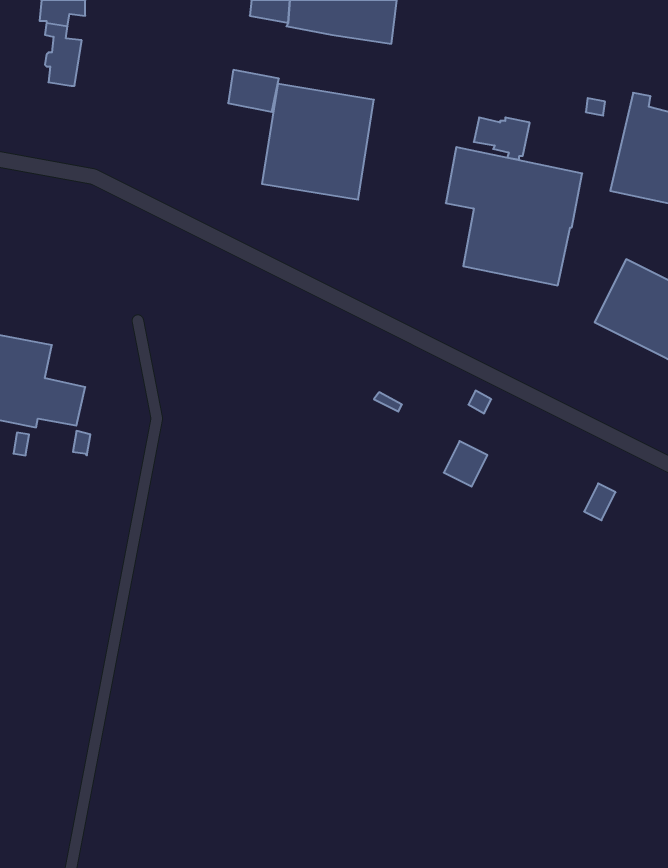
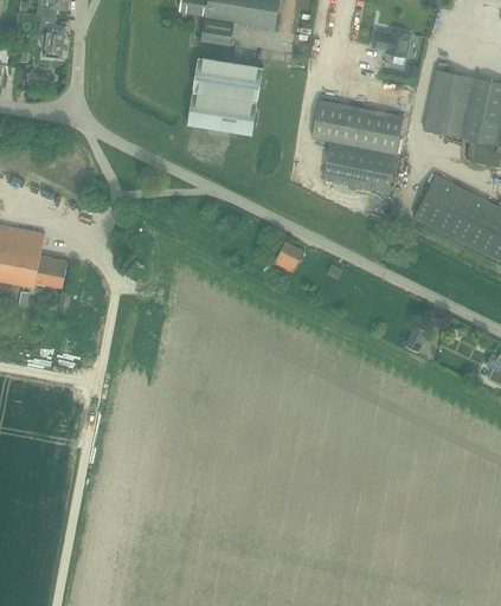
building: [228,70,279,112] -> [200,18,235,46]
building: [474,117,530,159] -> [372,31,410,59]
building: [444,441,487,487] -> [274,241,303,272]

